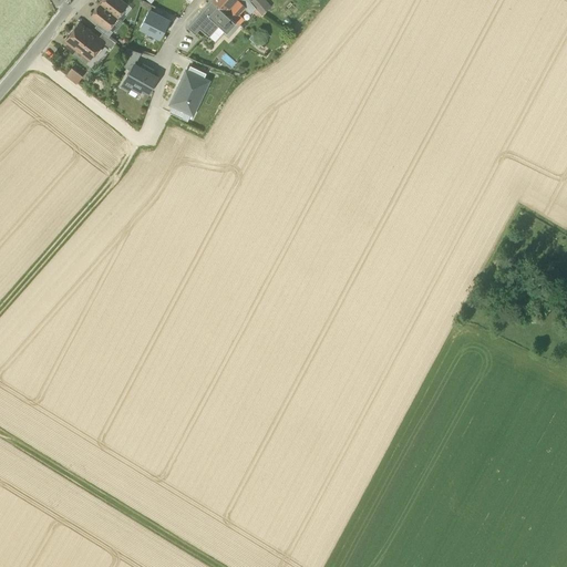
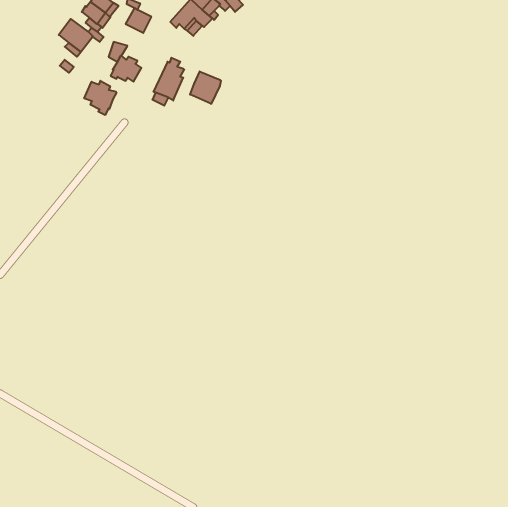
building: none -> [190,71,221,104]
building: none -> [84,81,116,115]

